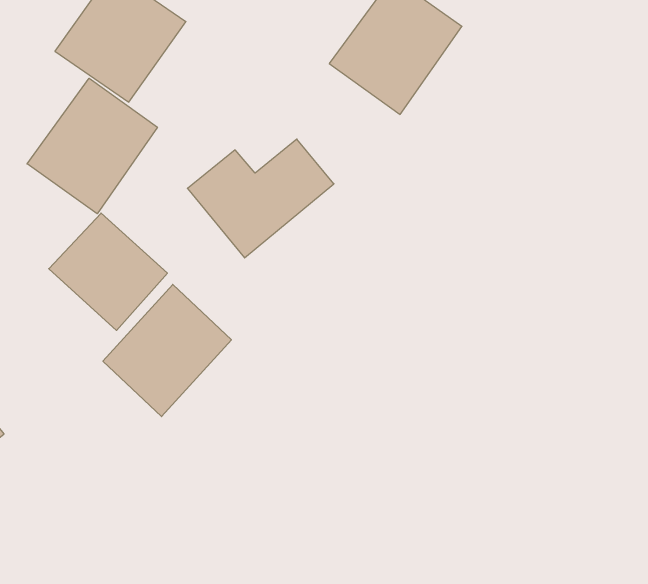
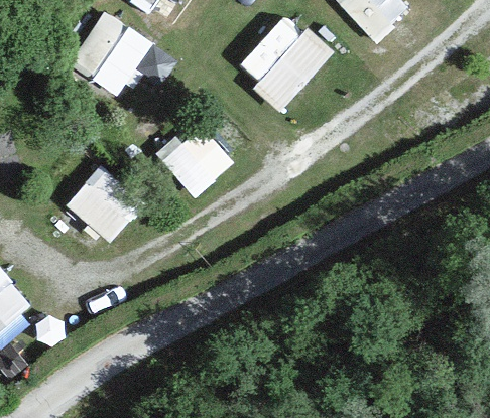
building: [27,78,157,214] -> none
building: [103,284,231,417] -> none

